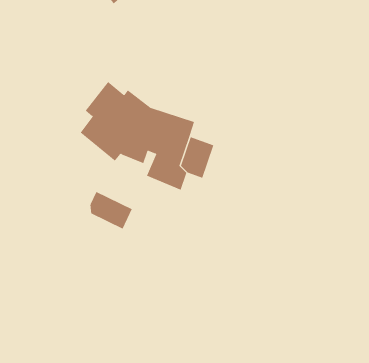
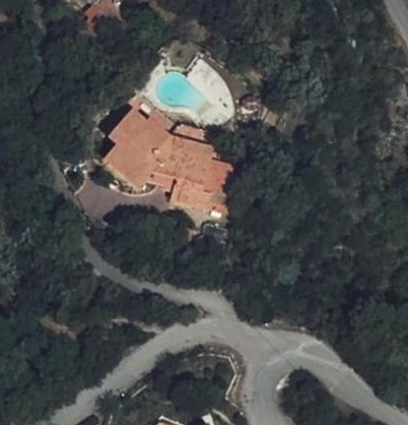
building: [90,191,133,229] -> none

